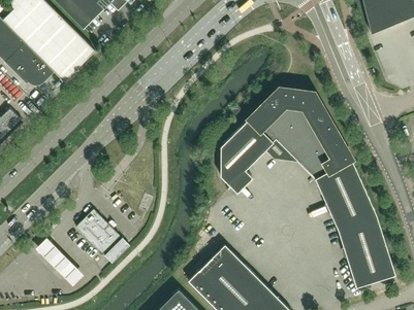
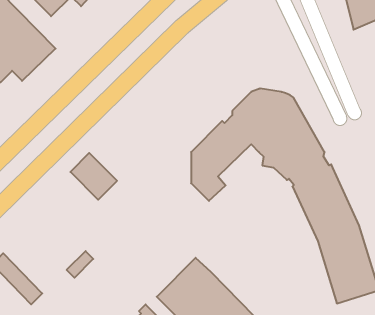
building: [75,209,119,252] -> [70,153,117,200]

